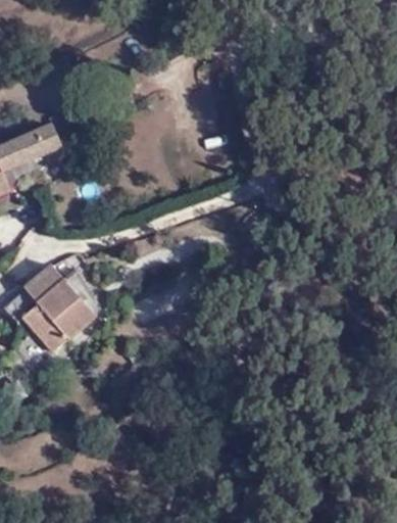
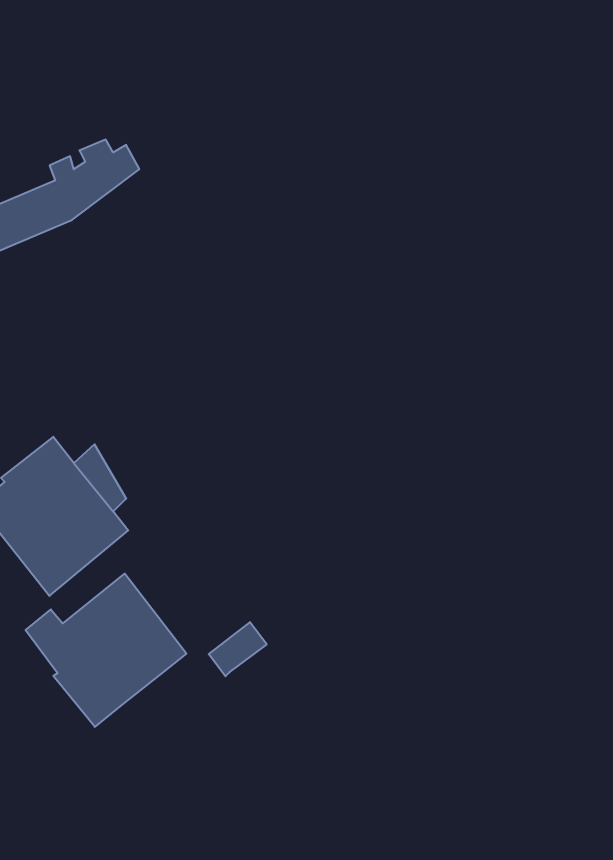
building: none -> [26,574,186,727]

